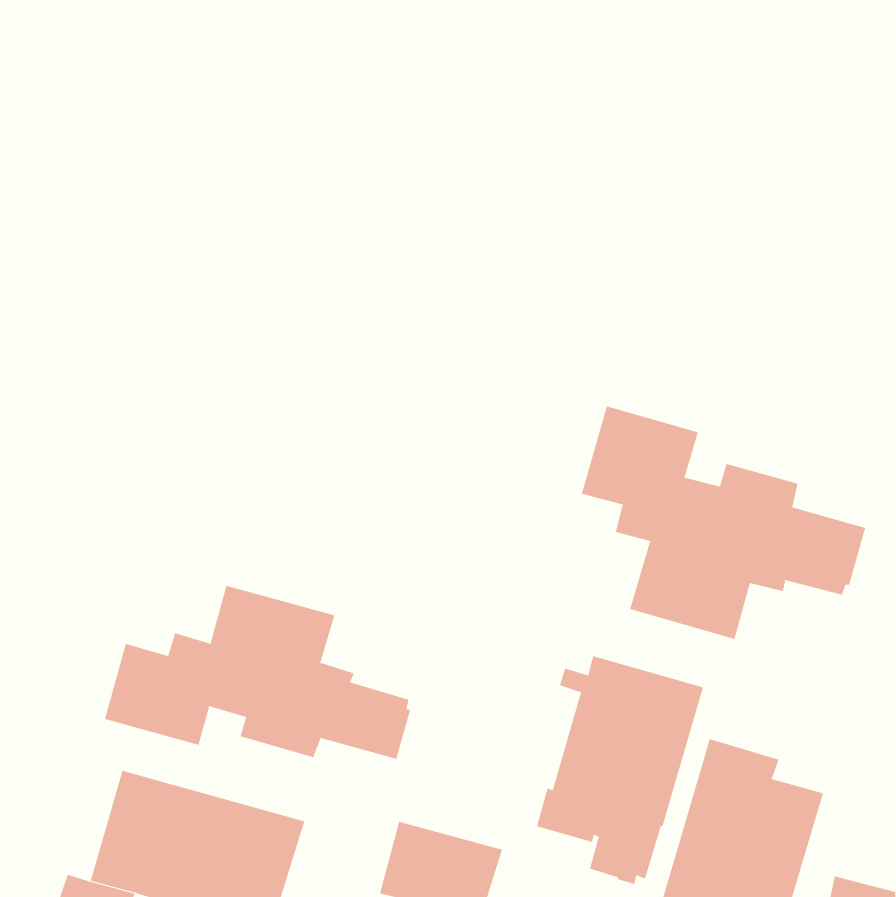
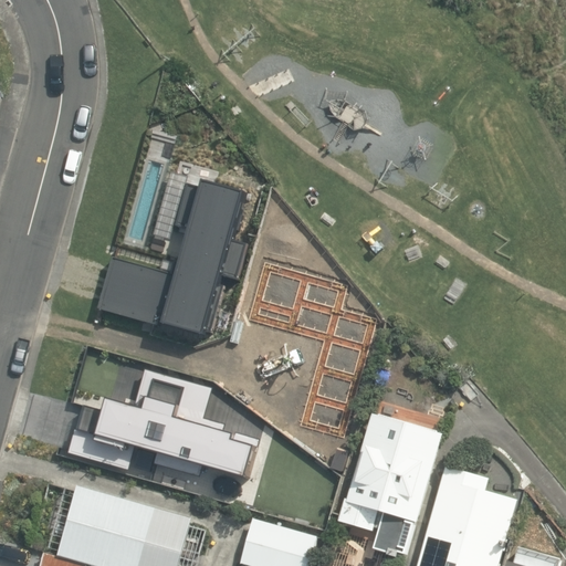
building: none -> [97,182,248,337]
building: [581,405,866,640] -> none

